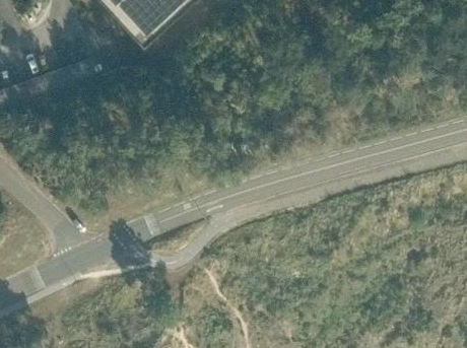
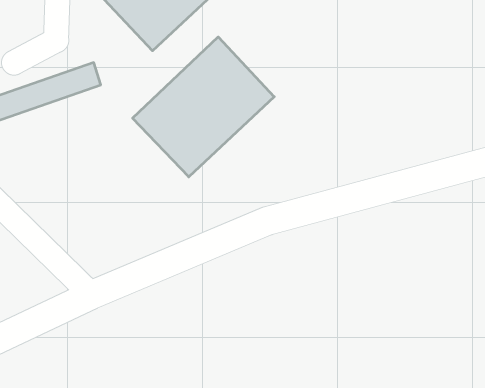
building: none -> [133,37,274,177]

